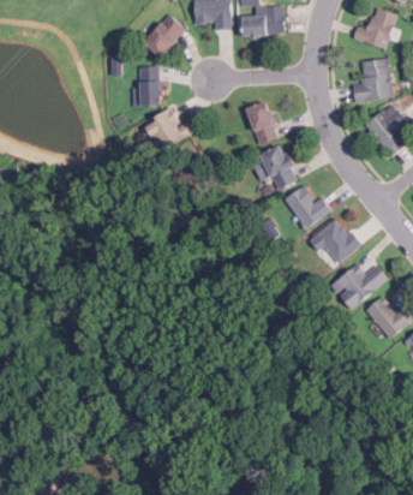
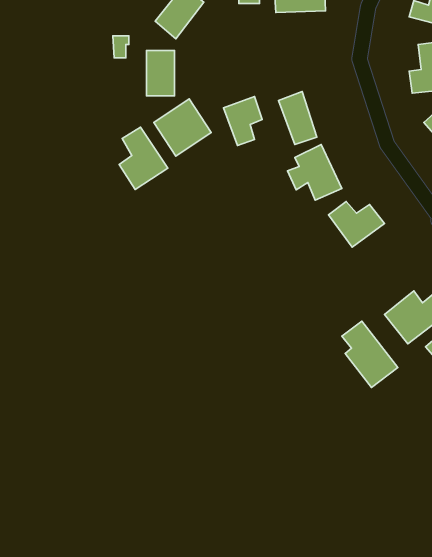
building: none -> [224,97,262,146]
building: none -> [119,127,168,190]
building: [310,217,360,264] -> none
building: none -> [342,321,398,388]

